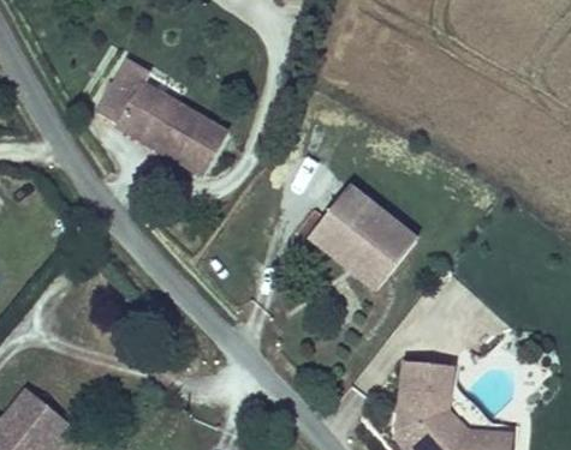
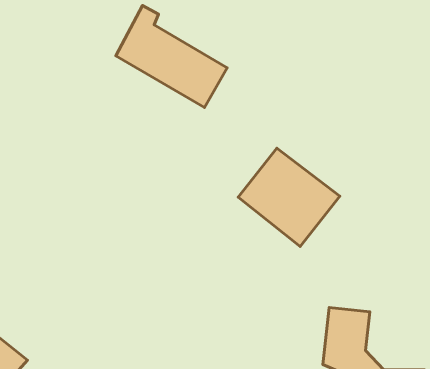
building: [96,55,221,169] -> [116,6,227,107]

